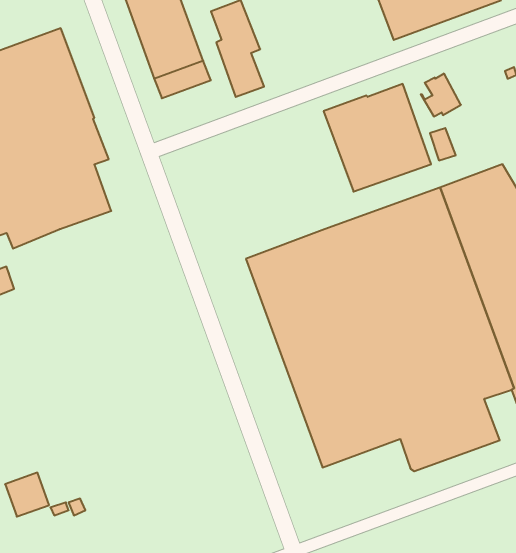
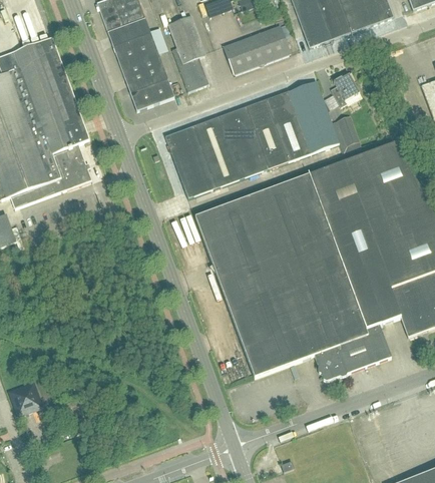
building: none -> [224,24,291,73]
building: none -> [130,77,174,109]
building: none -> [165,101,279,197]

